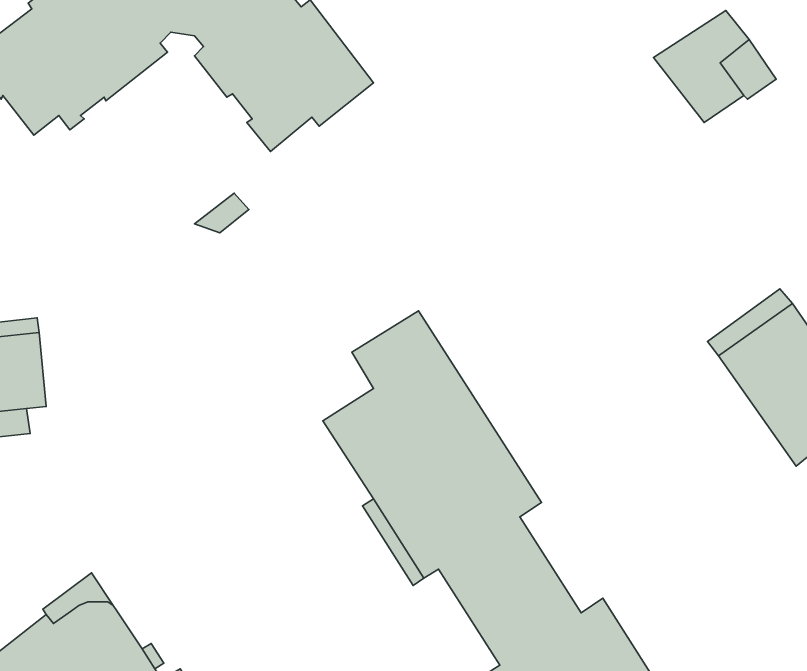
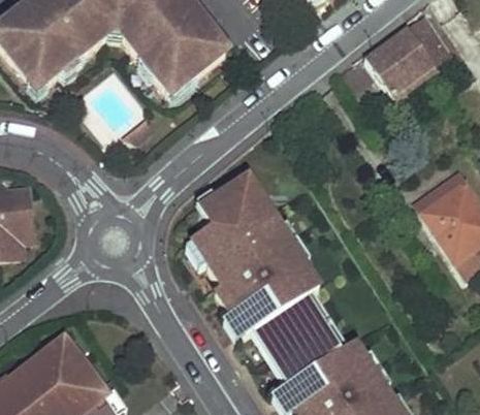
building: none -> [364,40,415,93]

